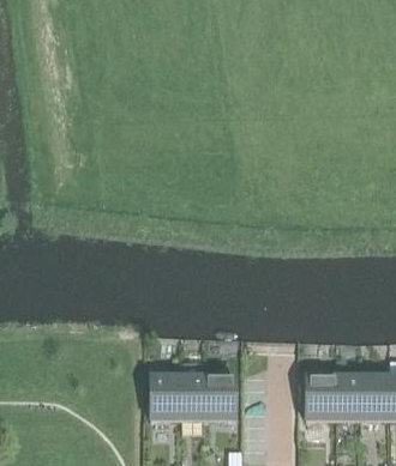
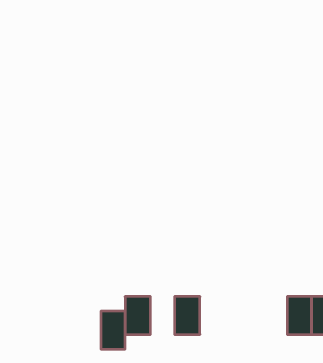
building: [179,377,206,420] -> [101,311,125,349]
building: [306,377,335,420] -> none

